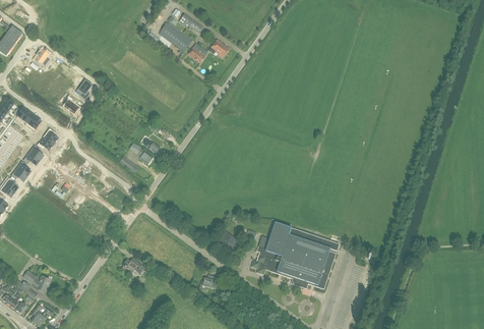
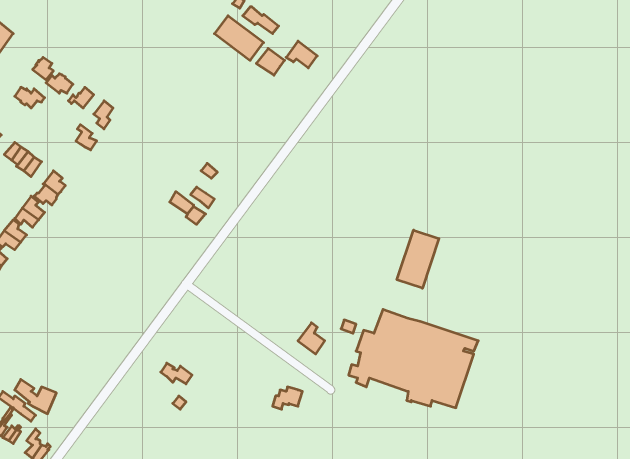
building: none -> [397,230,439,288]

